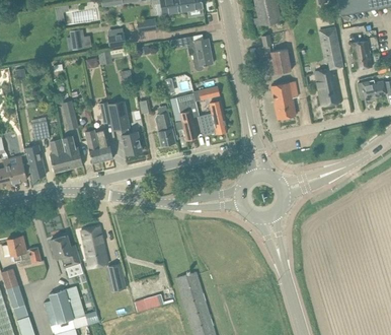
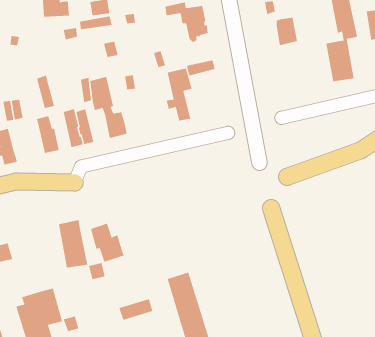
building: [271,81,298,119] -> none
building: [198,100,228,134] -> none
building: [155,107,175,146] -> none
building: [50,139,69,173] -> none
building: [51,234,81,269] -> [90,223,125,262]

